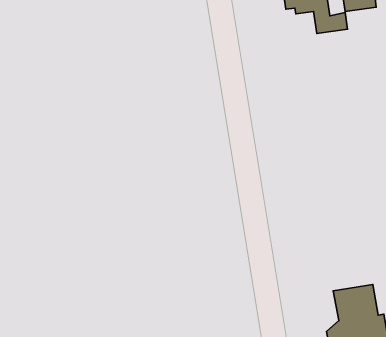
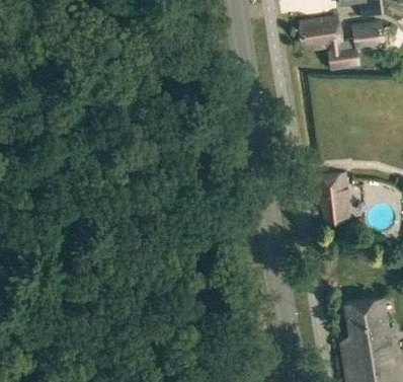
building: none -> [314,174,348,222]

